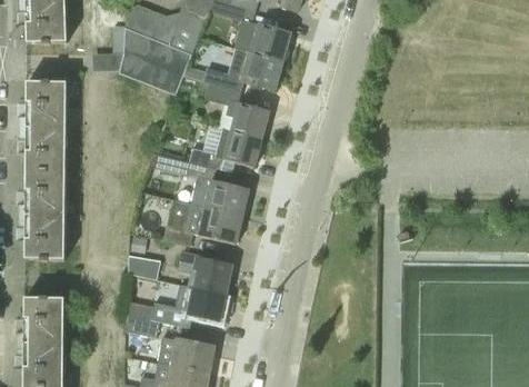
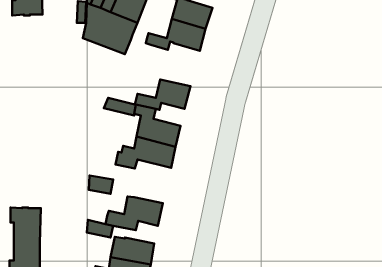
building: [24,80,67,260] -> none
building: [204,82,270,137] -> none
building: [178,251,232,291] -> none

